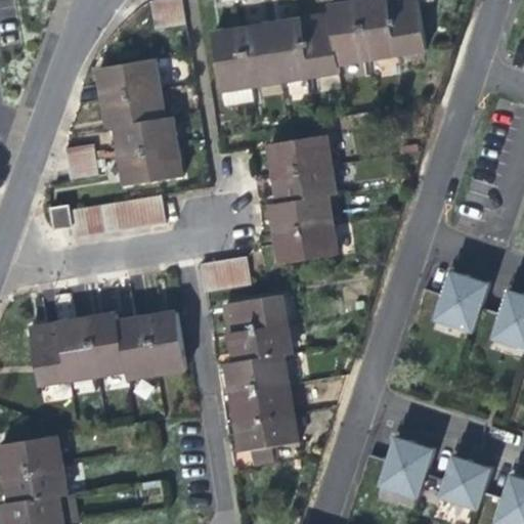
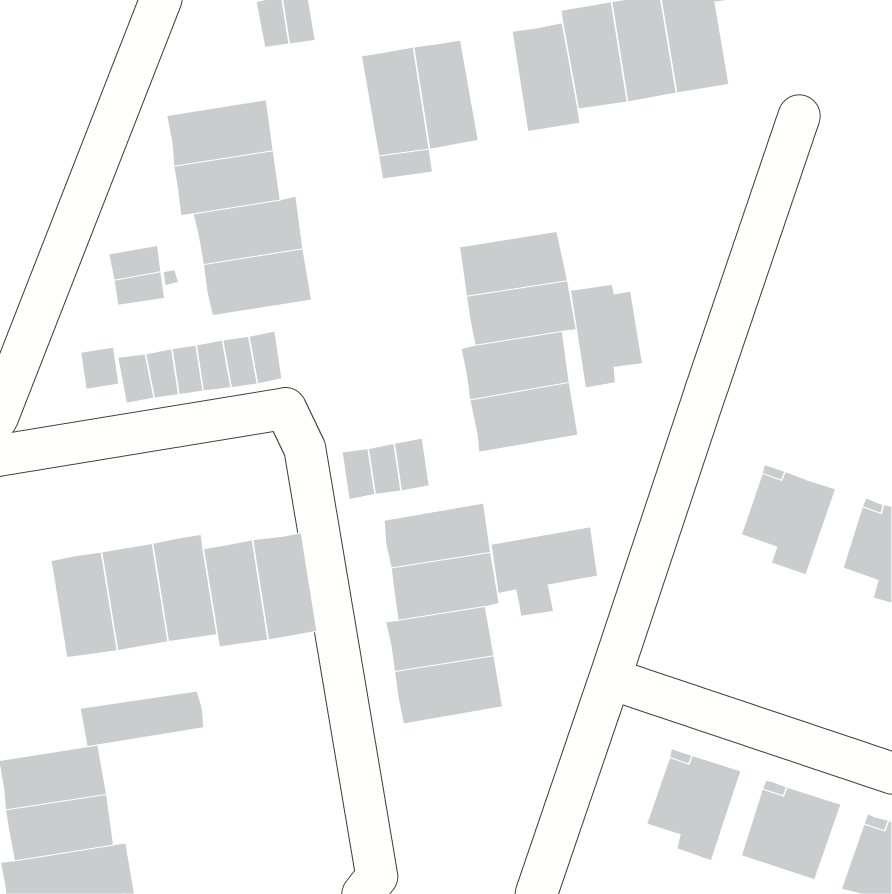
building: [269,18,308,82] -> none
building: none -> [570,284,642,388]
building: none -> [80,691,204,747]
building: [235,412,298,465] -> [491,527,598,616]

